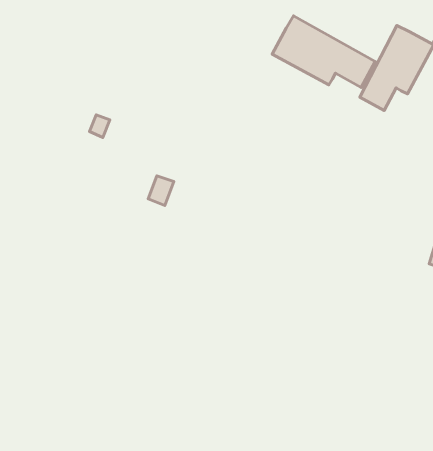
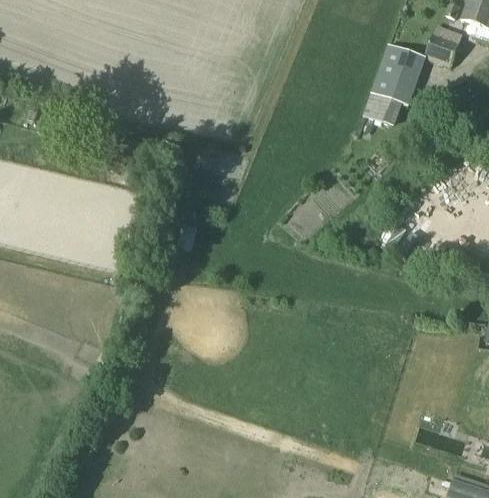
building: [272,16,375,88] -> none

